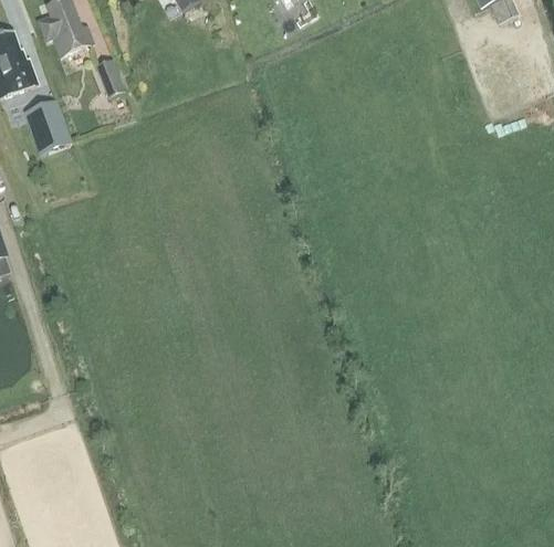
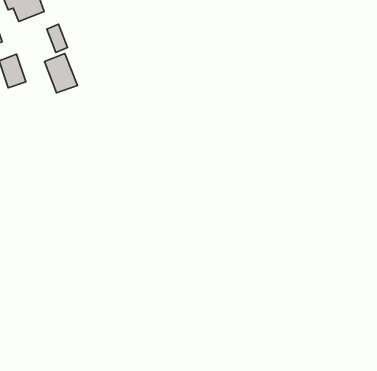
building: none -> [45,53,77,93]

